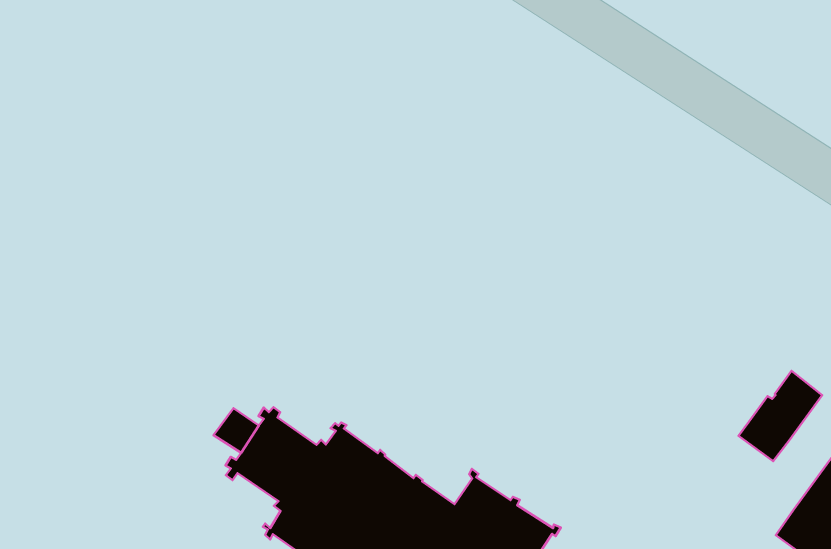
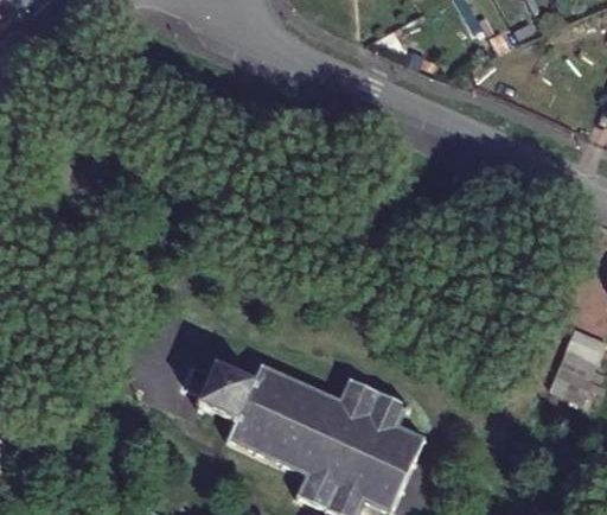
building: [738,371,822,461] -> none

